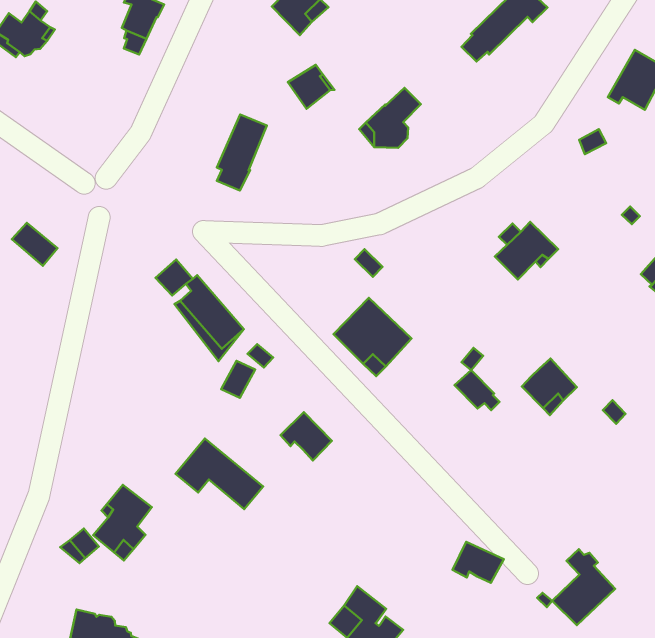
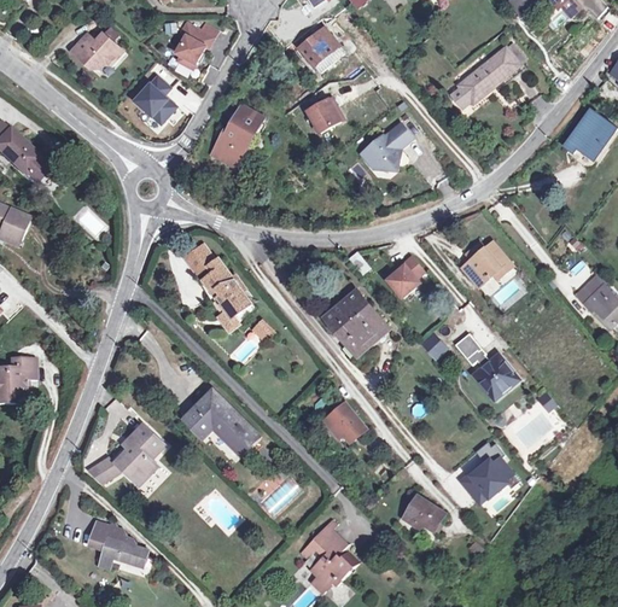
building: none -> [134,72,175,121]
building: [217,115,267,191] -> [217,105,262,167]
building: none -> [386,256,424,297]
building: [455,370,499,410] -> [454,333,489,367]
building: [281,412,332,461] -> [325,403,366,443]
building: [552,549,615,625] -> [460,440,512,502]

